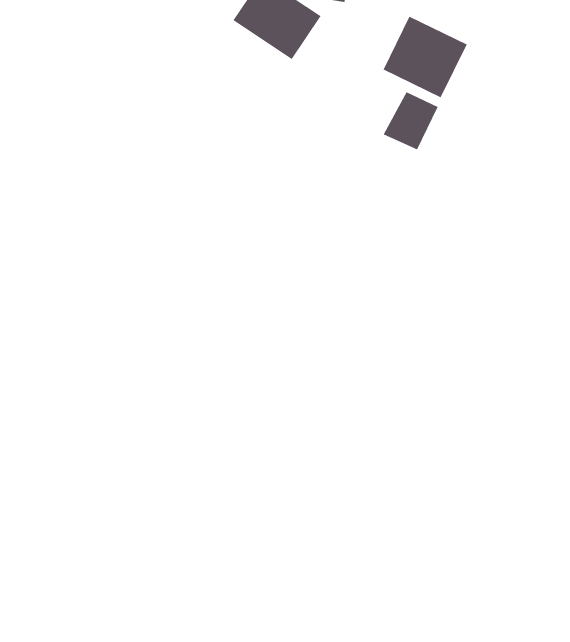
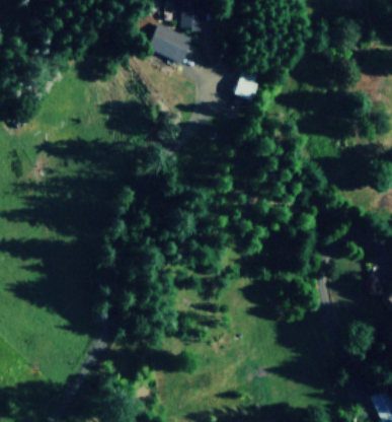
building: [383,16,467,98] -> none

